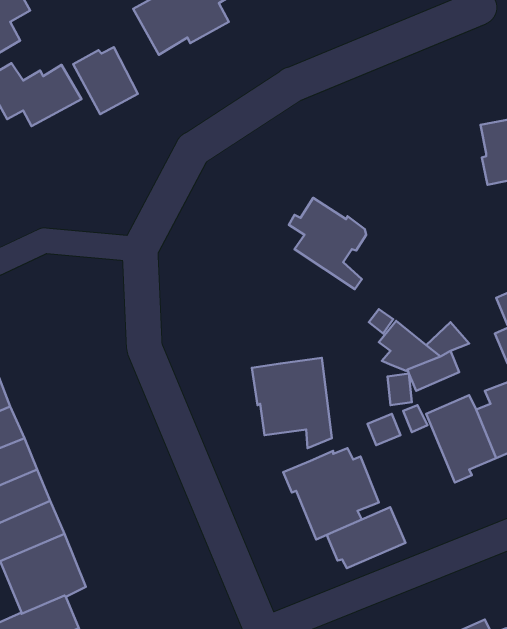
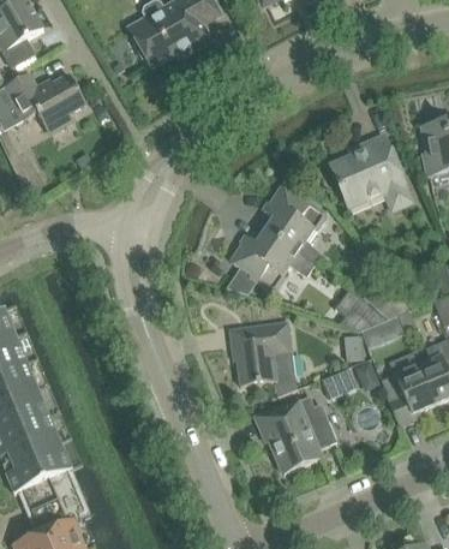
building: [73,47,138,114] -> none
building: none -> [329,135,409,209]
building: none -> [229,229,315,291]
building: [327,507,405,568] -> none

